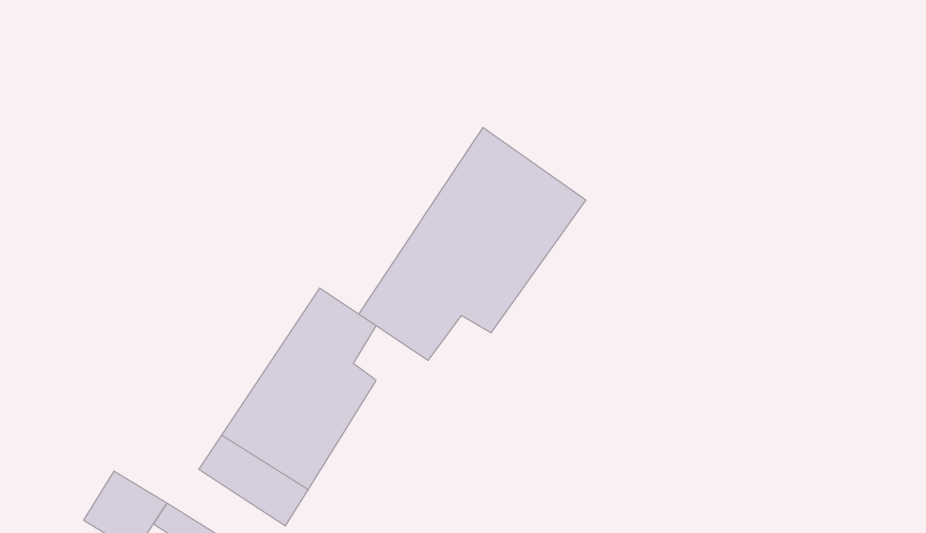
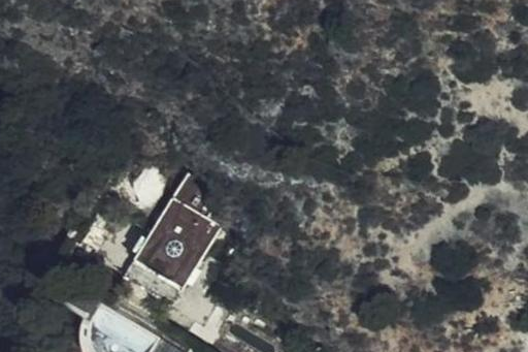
building: [359,127,586,360] -> none

